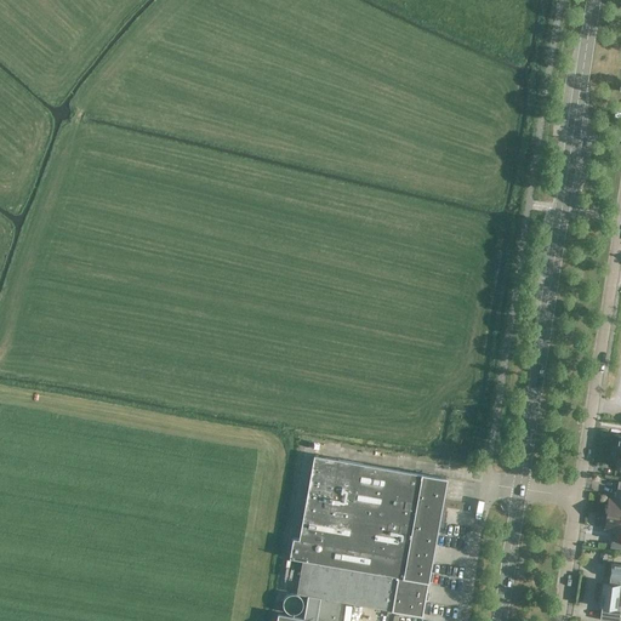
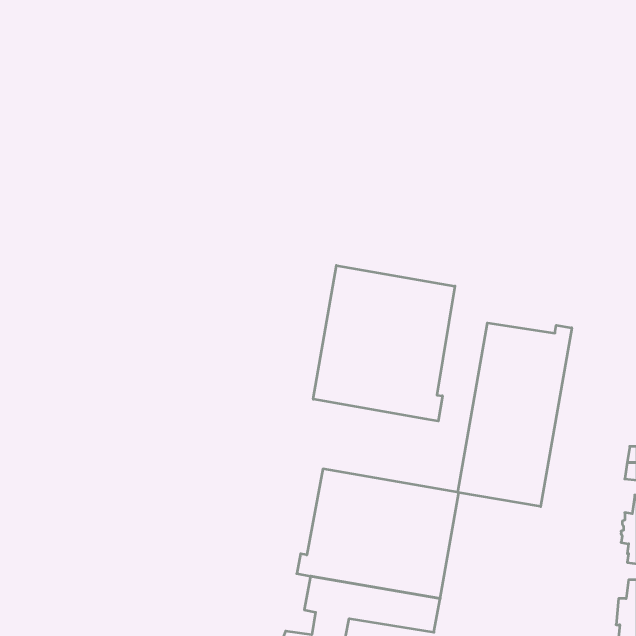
building: none -> [313,265,455,421]
building: none -> [458,323,572,507]

